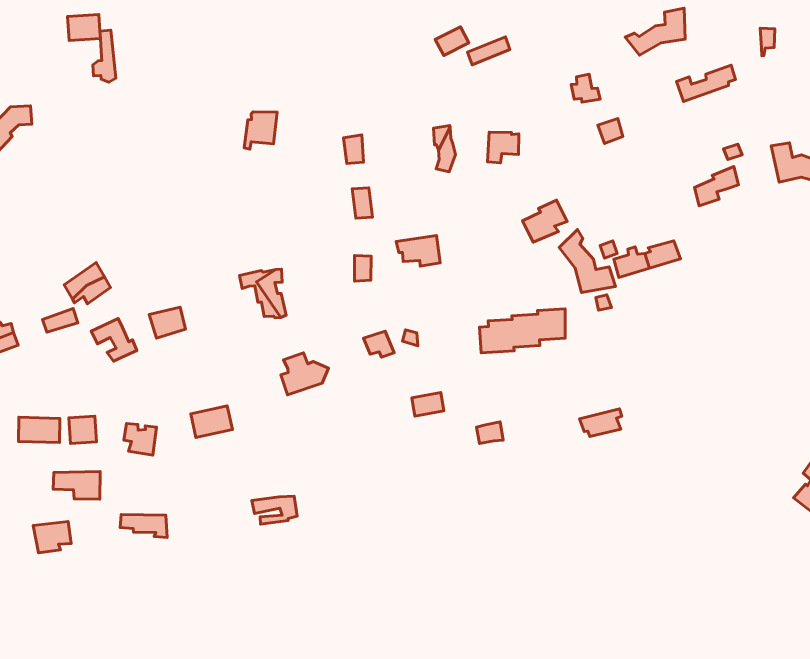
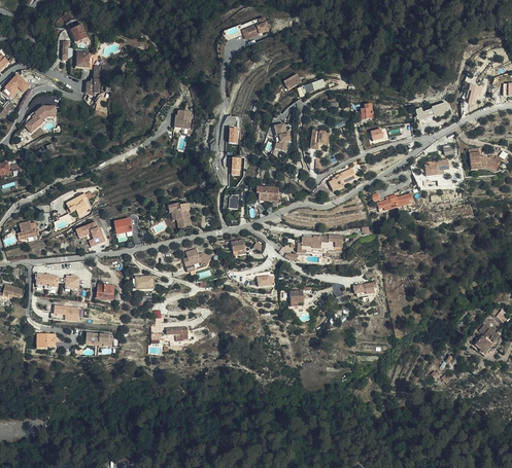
building: [625,8,685,55] -> none
building: [559,229,616,293] -> none

